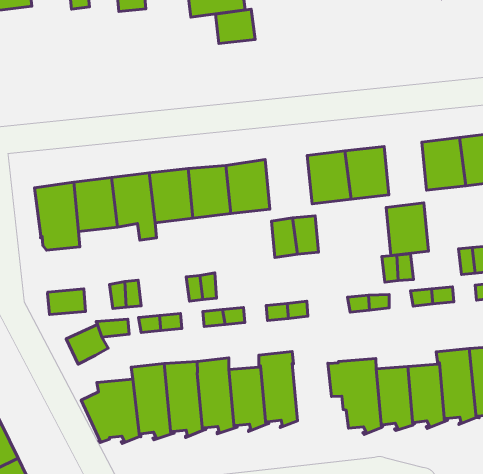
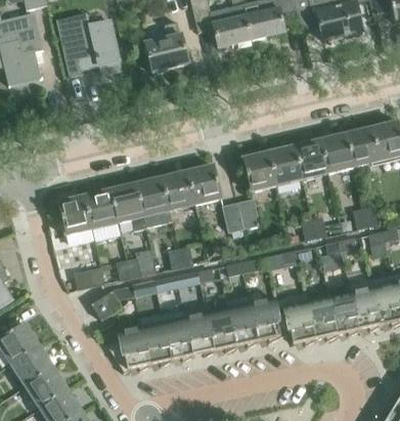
building: [215,9,255,44] -> none
building: [386,203,429,256] -> [295,140,327,179]
building: none -> [249,297,288,343]

